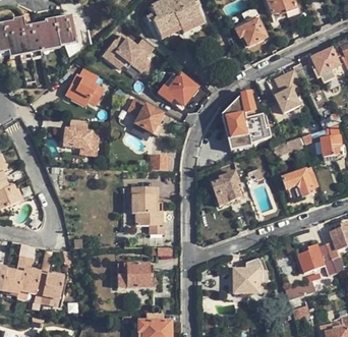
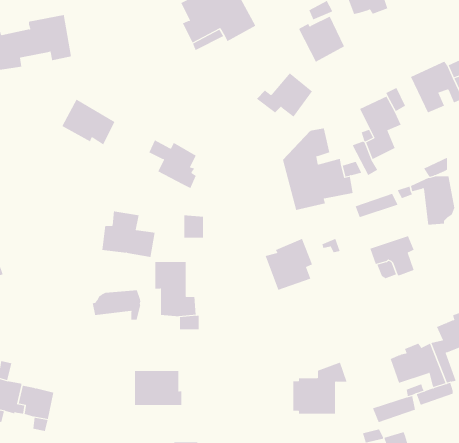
building: [104,32,154,69] -> none
building: [157,73,196,105] -> [256,73,313,118]
building: [61,117,99,150] -> [102,211,155,257]
building: none -> [92,290,141,321]

